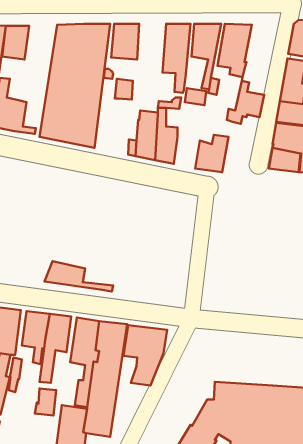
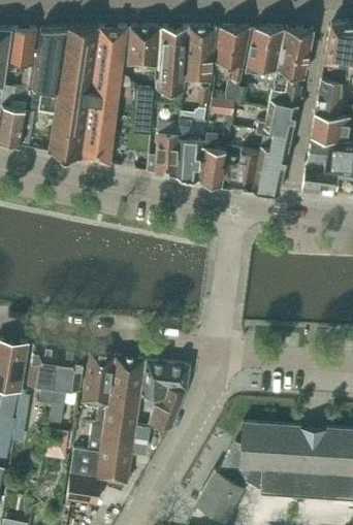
building: none -> [159,28,187,92]
building: none -> [28,29,67,112]
building: none -> [272,29,313,106]
building: none -> [252,128,292,196]
building: none -> [200,134,226,188]
building: [44,261,113,291] -> none

